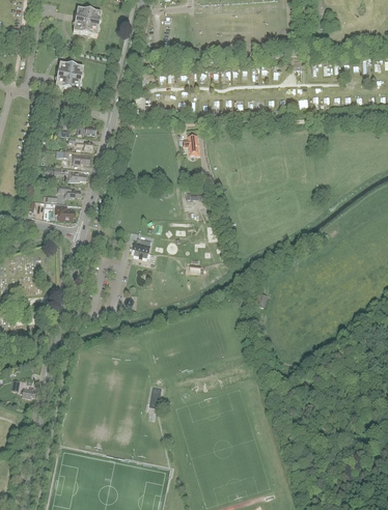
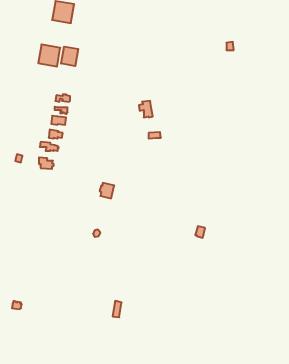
building: none -> [61,47,78,66]

